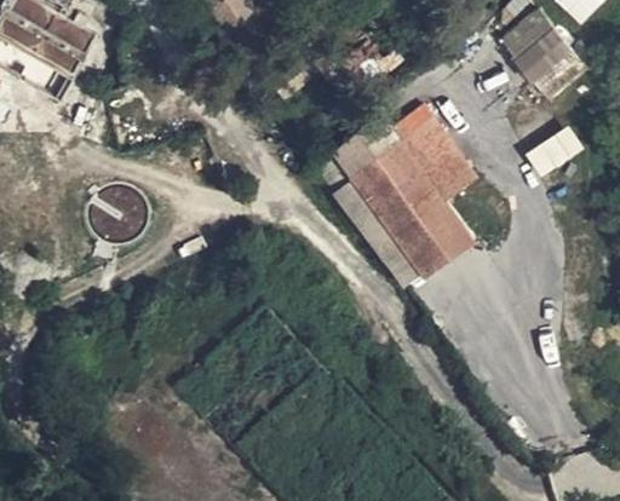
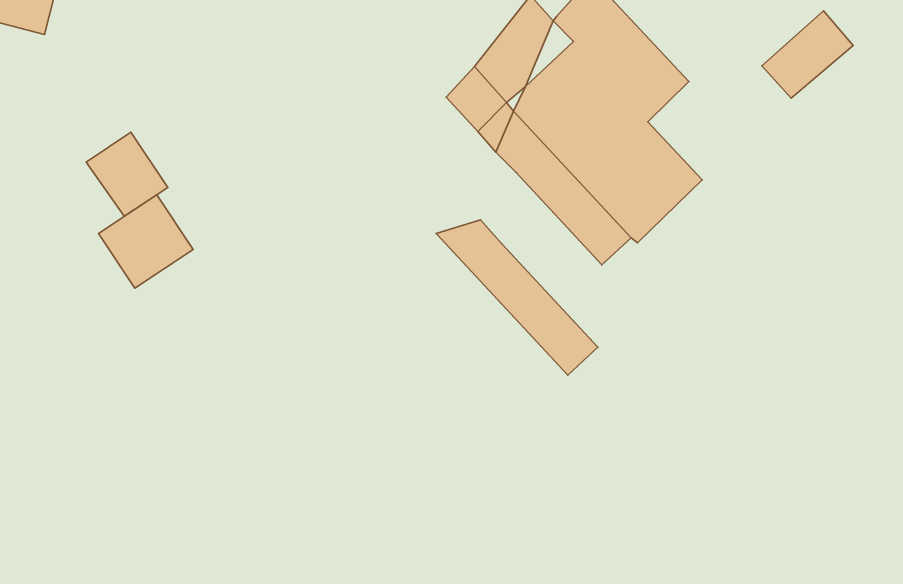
building: none -> [86,132,168,216]
building: none -> [436,220,598,375]

